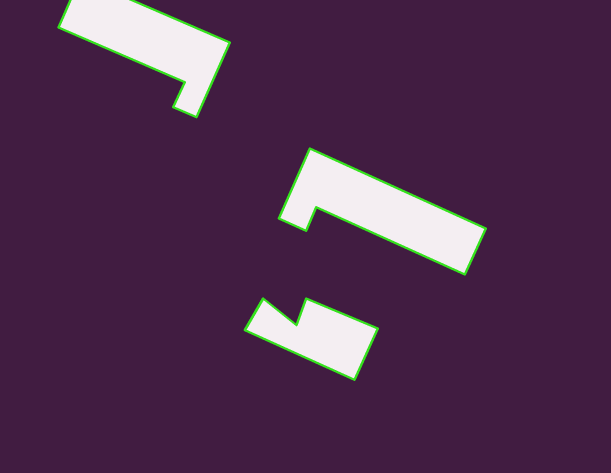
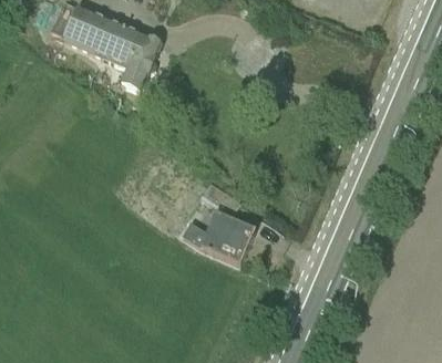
building: [279,148,486,275] -> none

